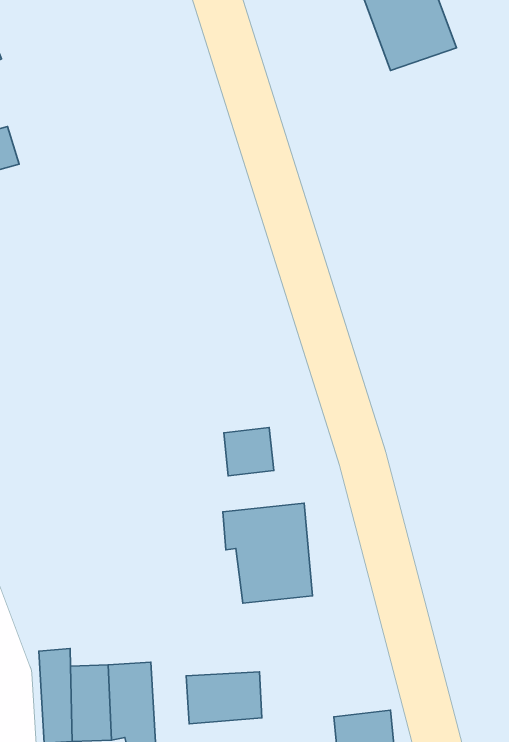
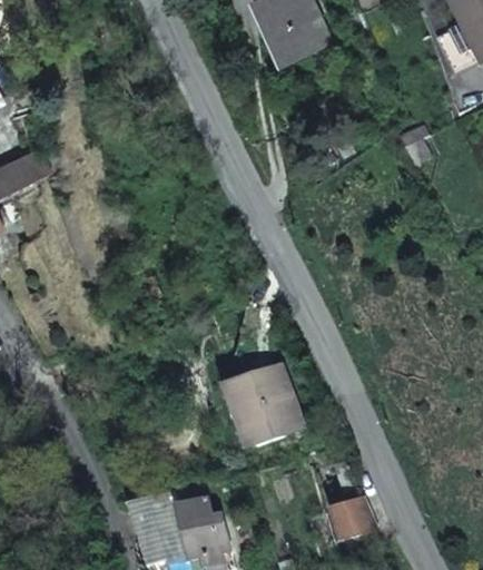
building: [224,427,274,476] -> none
building: [186,672,262,724] -> none

